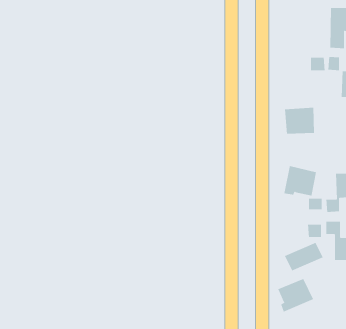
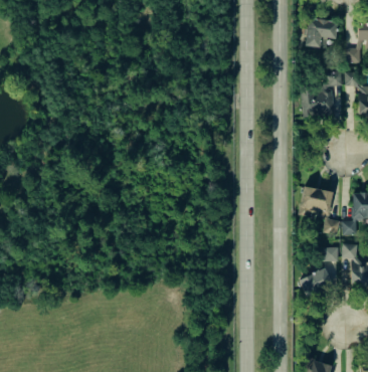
building: none -> [306,19,338,47]
building: [284,107,315,134] -> [302,88,334,117]
building: [277,278,314,312] -> none

